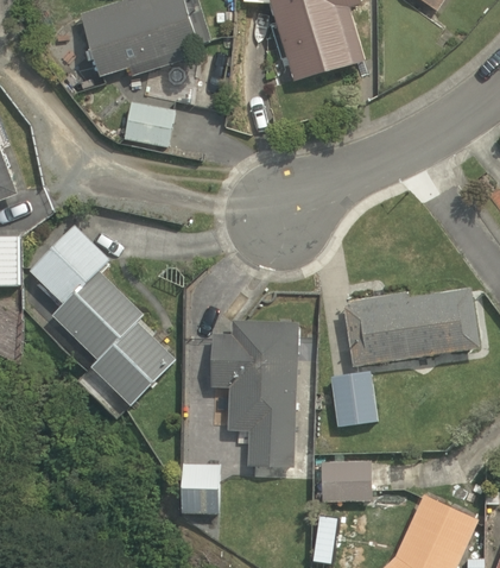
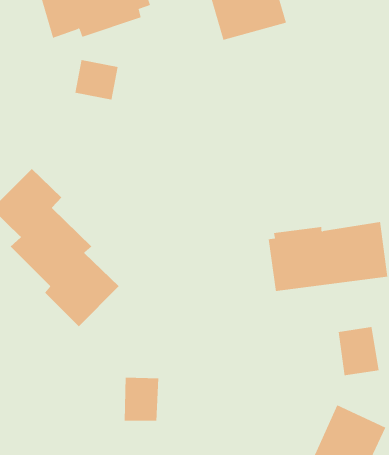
building: [210,320,299,467] -> none
building: [330,371,378,427] -> [338,327,379,376]
building: [321,461,372,501] -> none

